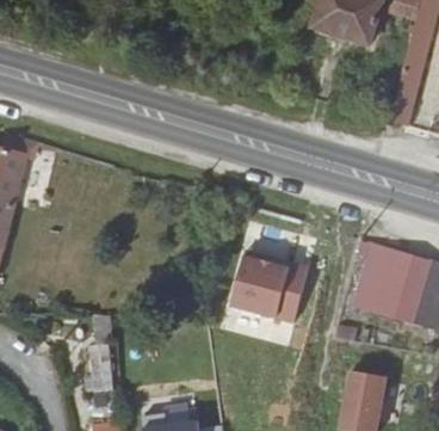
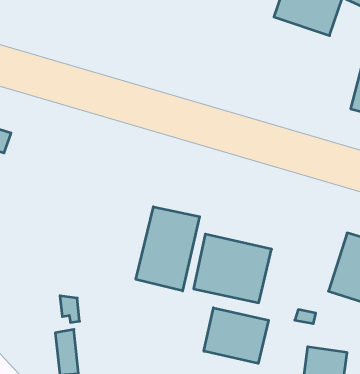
building: none -> [136,207,200,291]
building: none -> [204,308,269,363]

